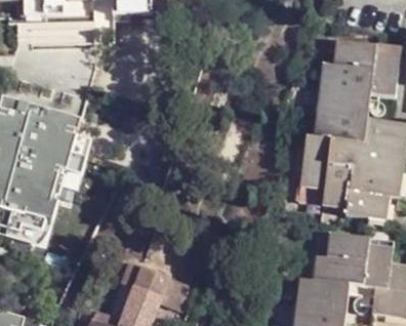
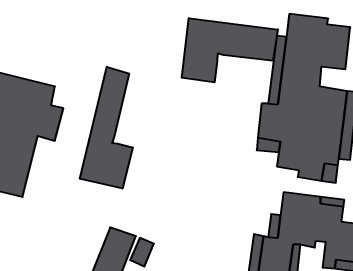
building: none -> [182,18,278,82]
building: none -> [80,67,133,189]

